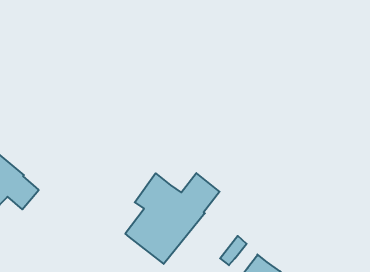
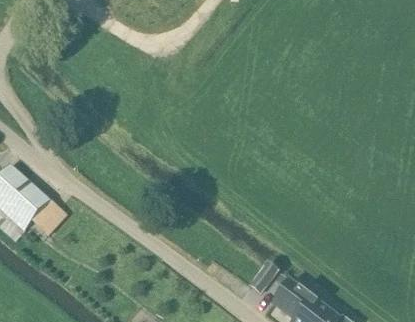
building: [125,173,220,264] -> none

